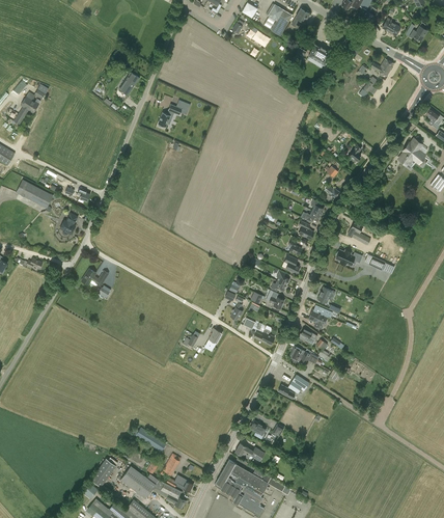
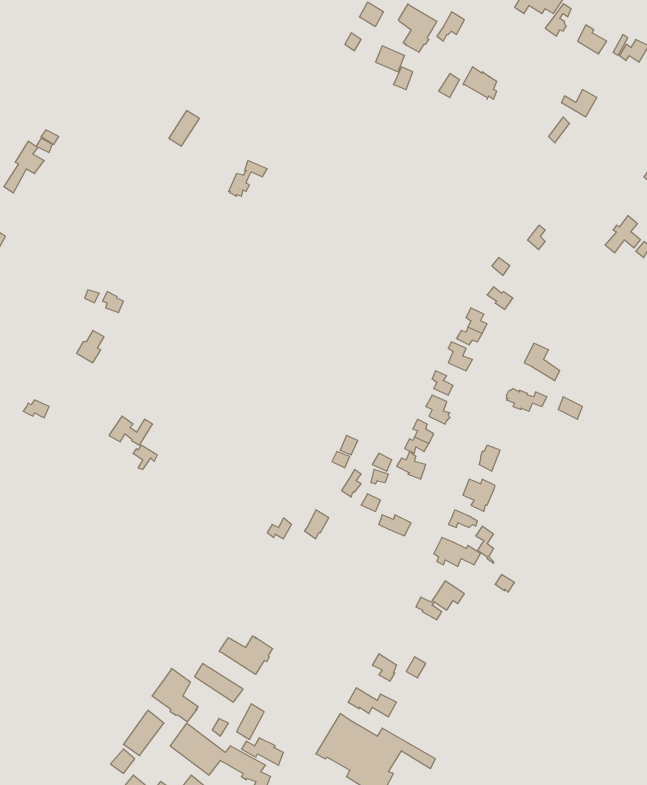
building: [16,179,53,209] -> none
building: none -> [219,636,273,674]
building: none -> [152,668,198,722]

